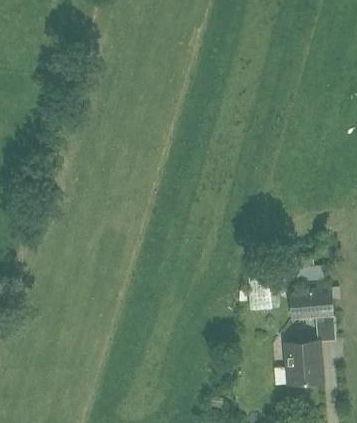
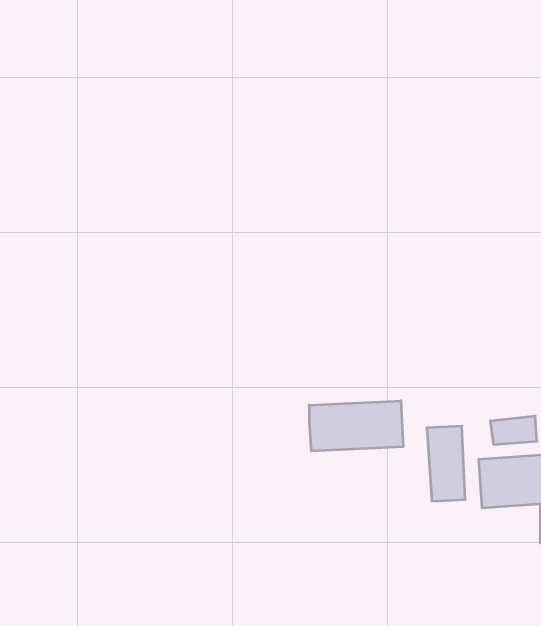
building: none -> [309,401,403,451]
building: [275,340,322,384] -> none

